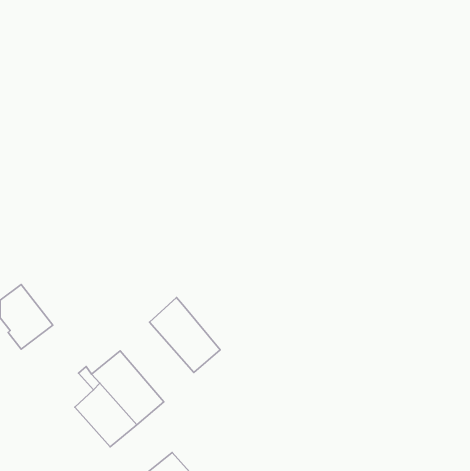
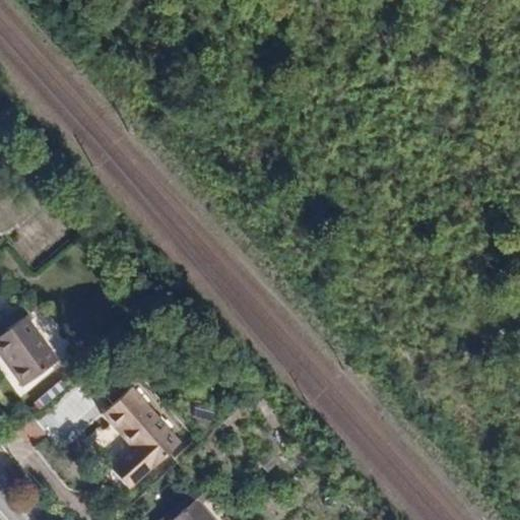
building: [150,297,220,373] -> none

